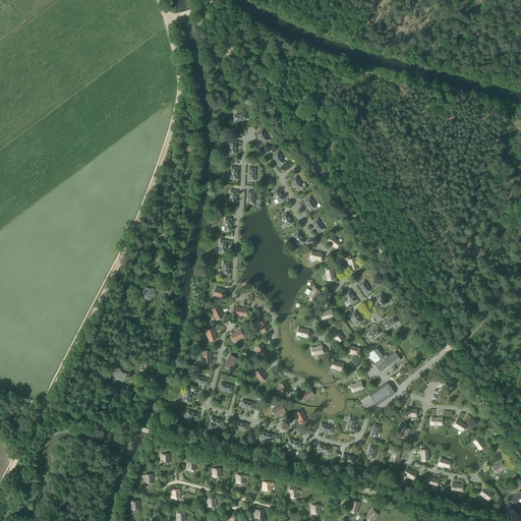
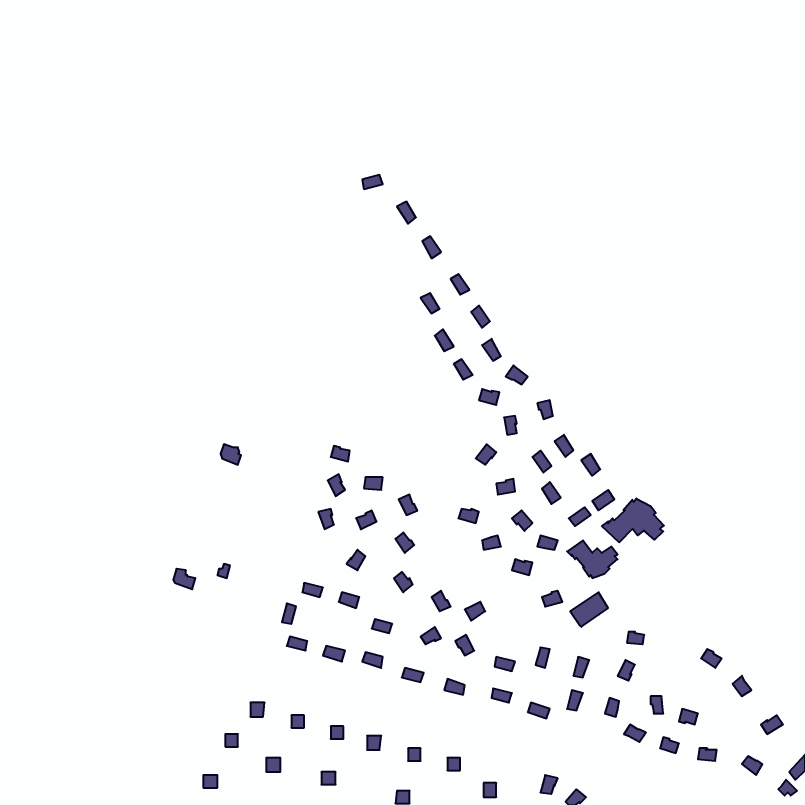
building: none -> [602,498,664,542]

